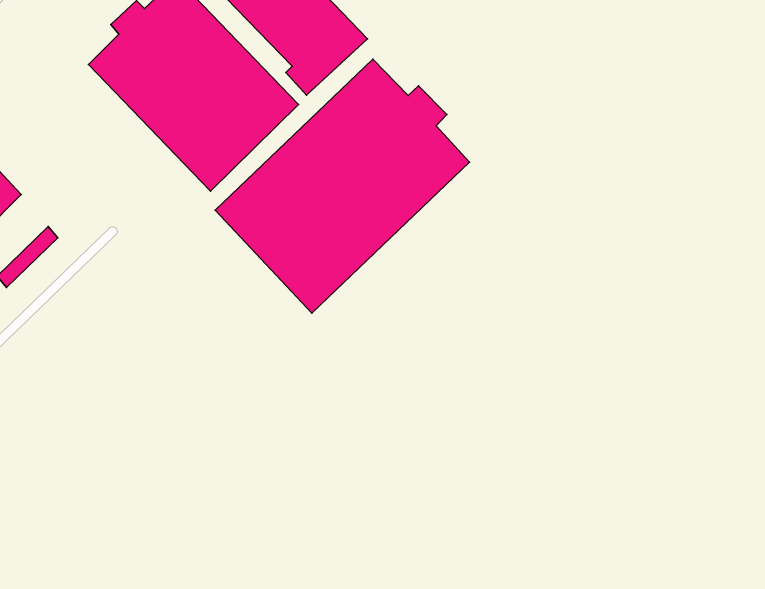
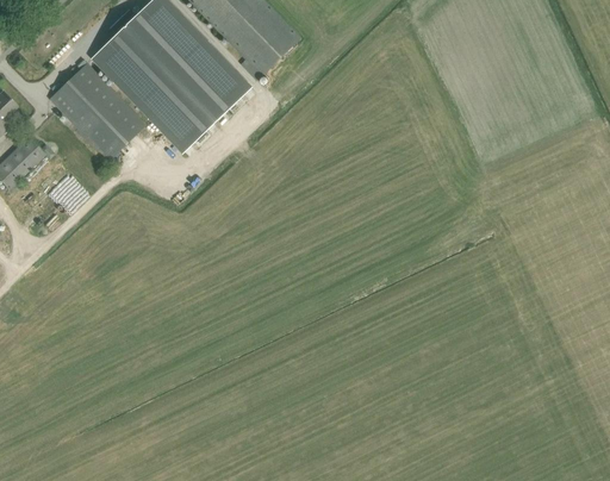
building: [215,59,469,313] -> none
building: none -> [50,63,145,160]

